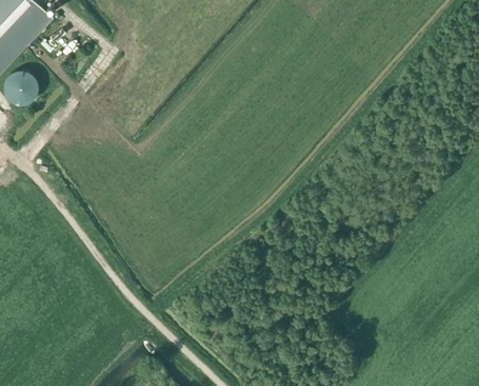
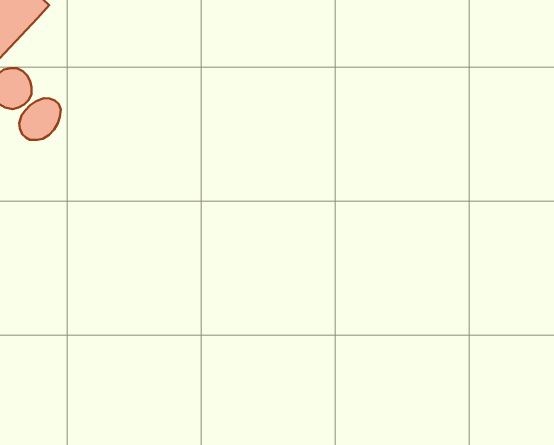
building: none -> [19,98,61,140]

